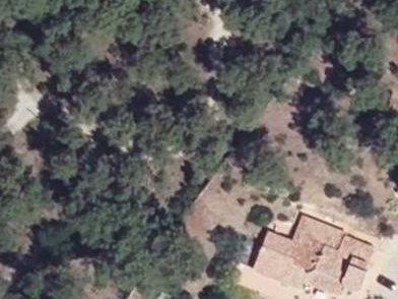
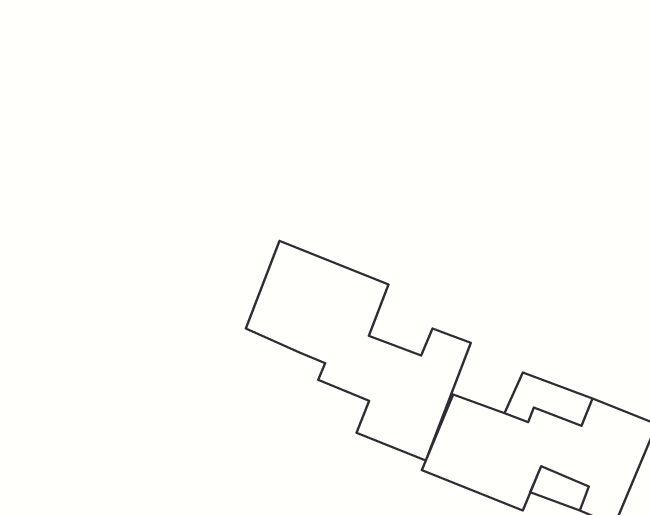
building: none -> [246,241,471,460]

